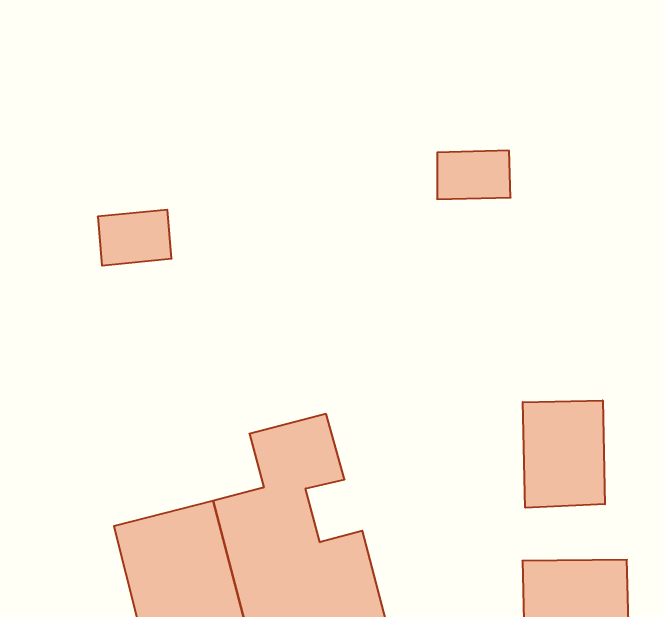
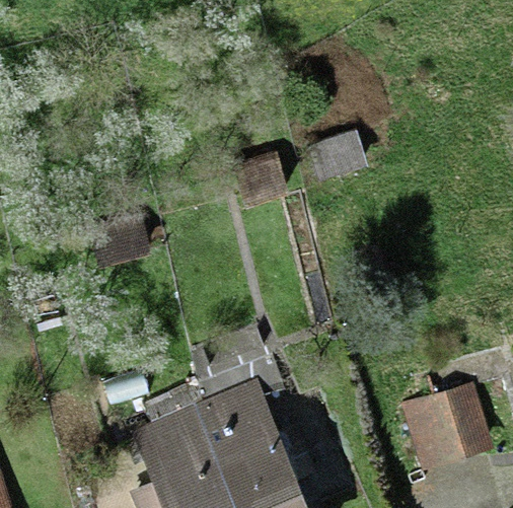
building: [523,400,605,508] -> none

